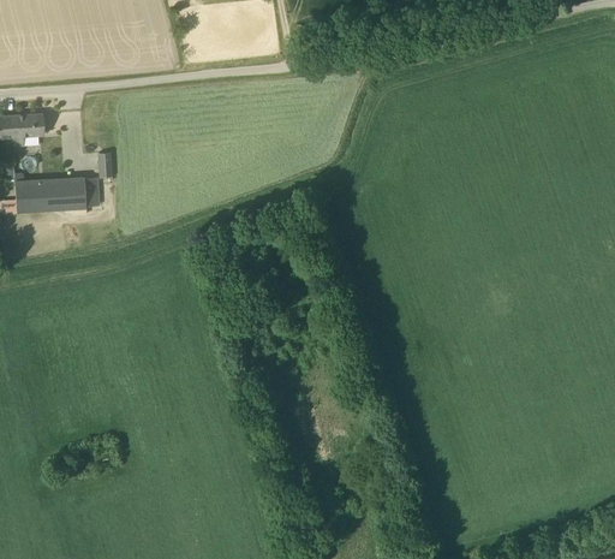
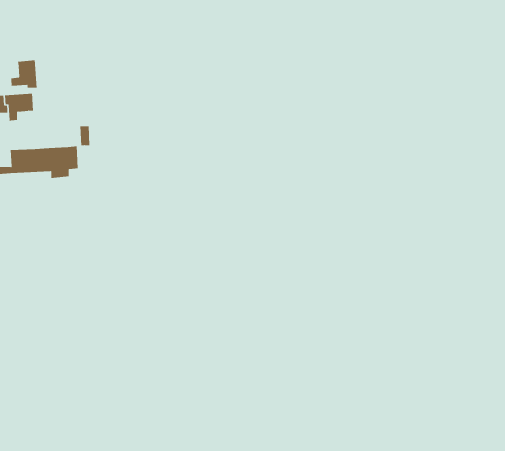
building: none -> [11,60,37,88]

